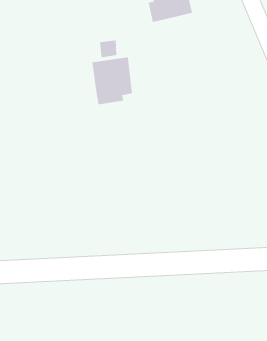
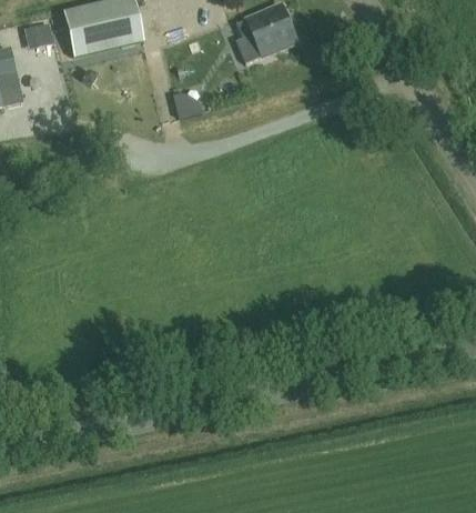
building: [92,57,133,105] -> none

